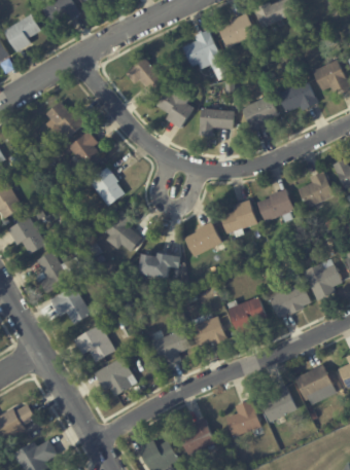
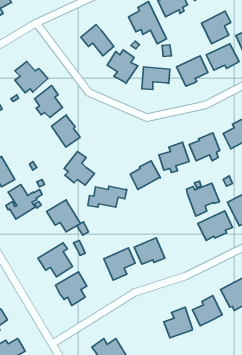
building: none -> [201,11,231,44]
building: [48,285,90,324] -> [47,200,80,232]
building: [226,296,267,336] -> [186,183,219,216]
building: [179,418,214,454] -> none

